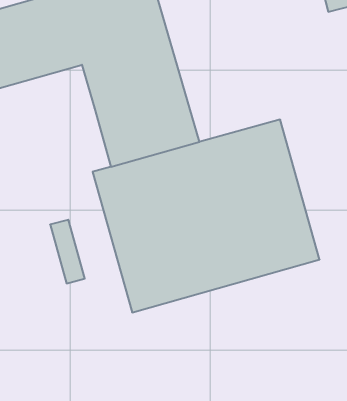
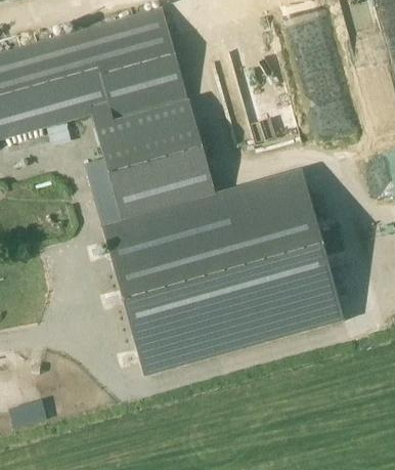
building: [50,220,85,283] -> [85,158,122,225]
building: none -> [8,395,48,427]

